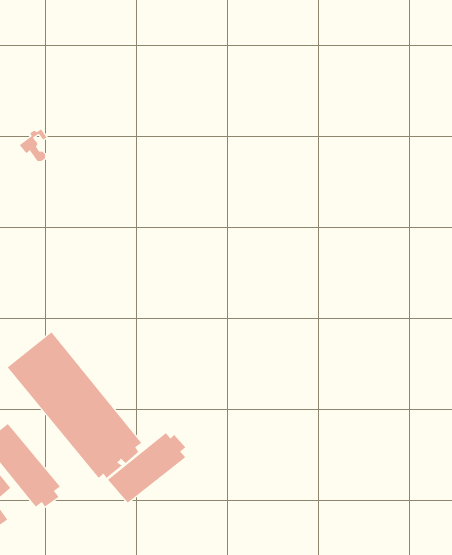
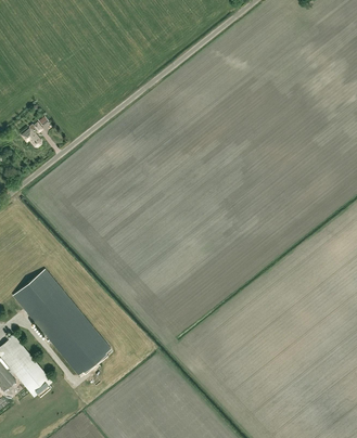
building: [107,432,186,503] -> none

